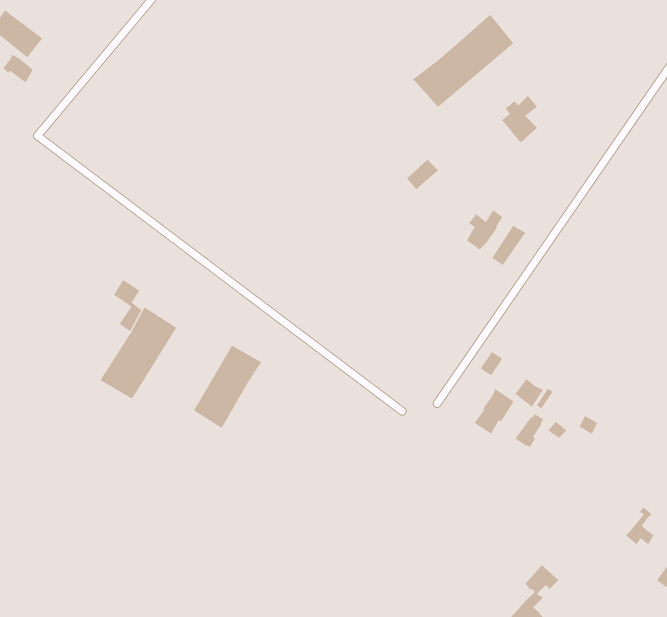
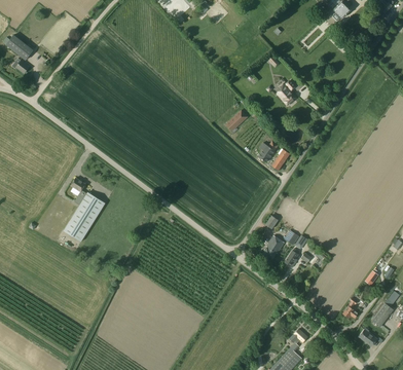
building: [412,14,514,108] -> none
building: [193,345,262,429] -> none

